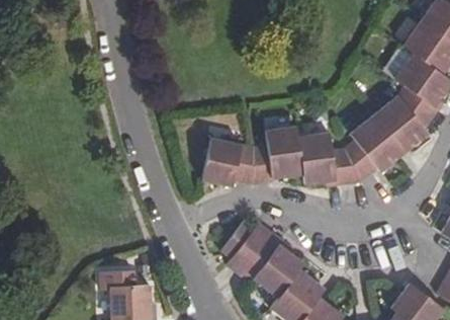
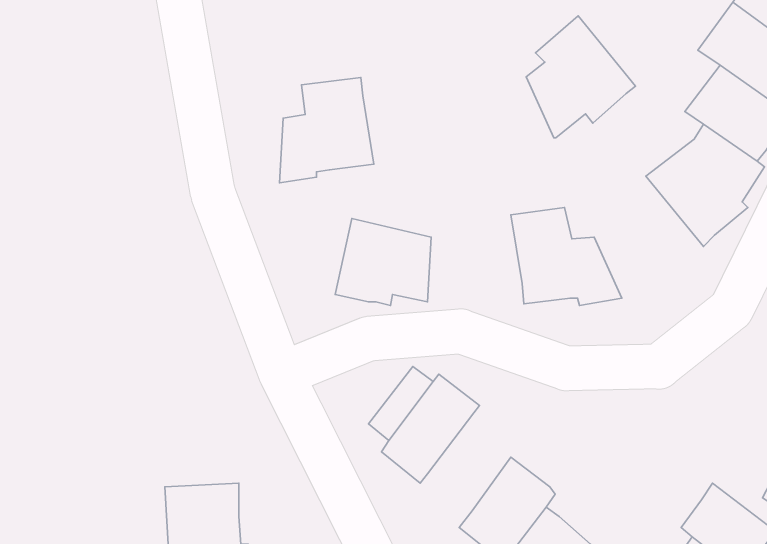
building: [344,114,403,181] -> [526,16,635,138]
building: [253,126,304,183] -> [279,77,374,183]
building: [253,244,302,298] -> none

